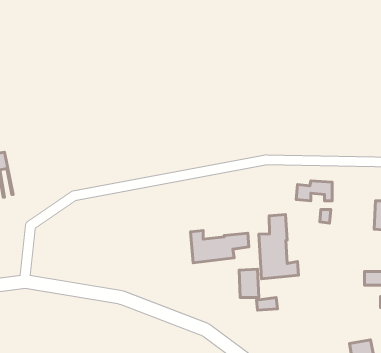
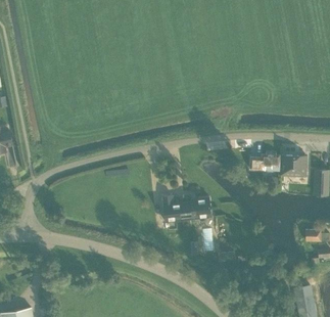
building: none -> [279,156,307,178]
building: [259,214,299,279] -> none

